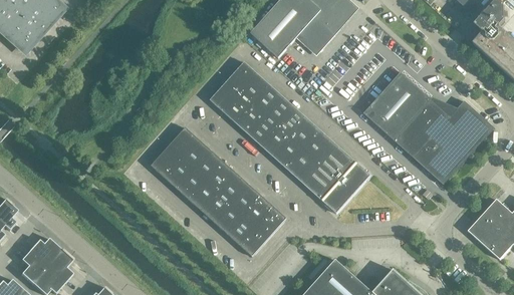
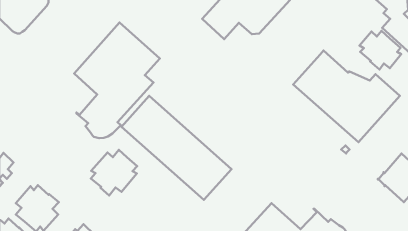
building: none -> [74,23,160,138]
building: none -> [359,31,401,70]
building: [209,61,369,213] -> none
building: none -> [91,150,137,196]

